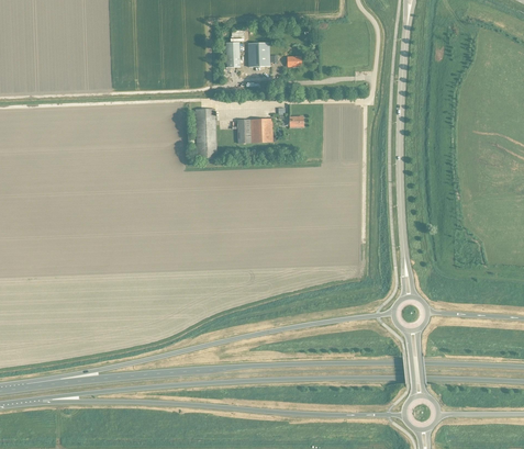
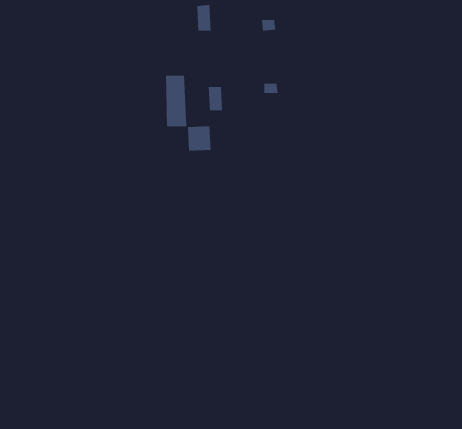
building: [247,43,269,67] -> none
building: [249,119,272,143] -> [187,126,211,151]

